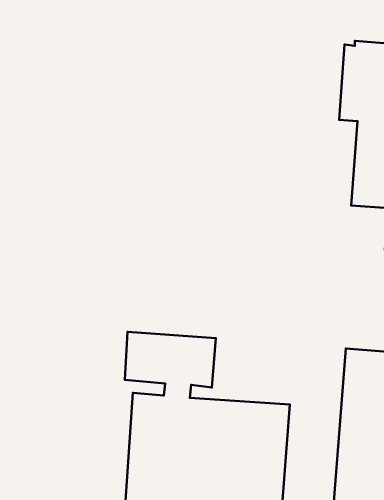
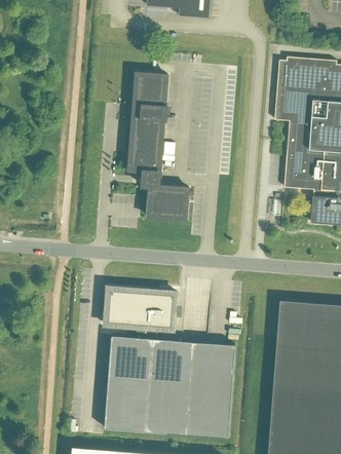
building: none -> [128,73,188,220]

